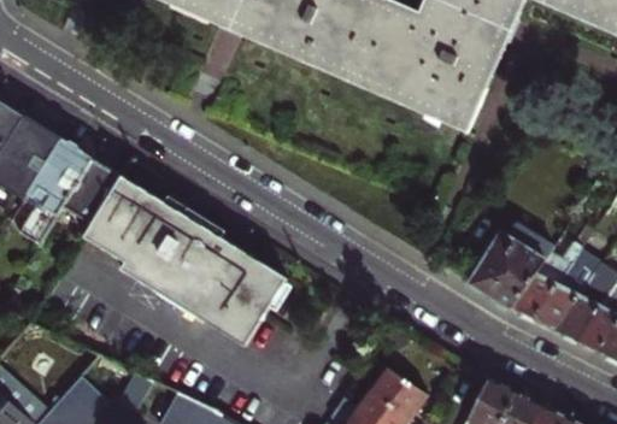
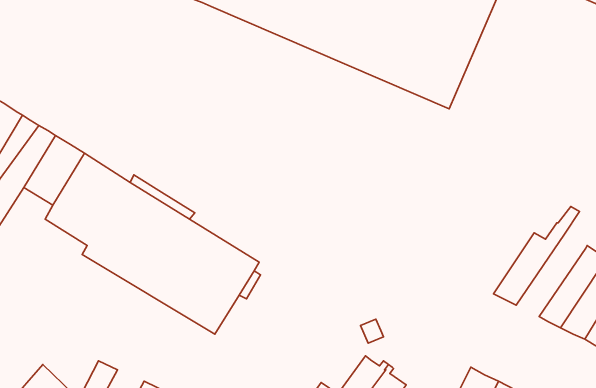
building: [468,231,551,308] -> none
building: [531,252,598,330] -> none

